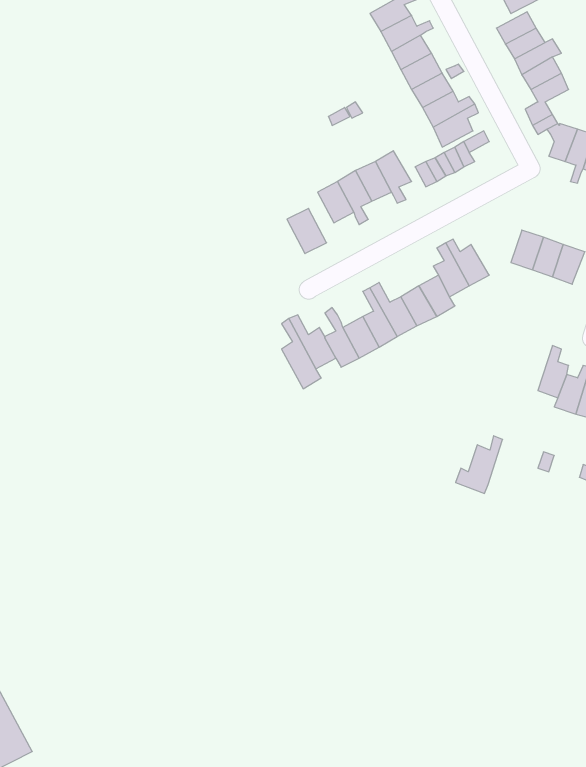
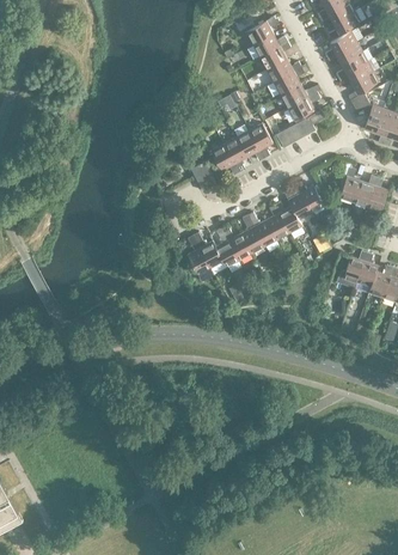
building: [456,436,503,493] -> [336,249,367,287]

